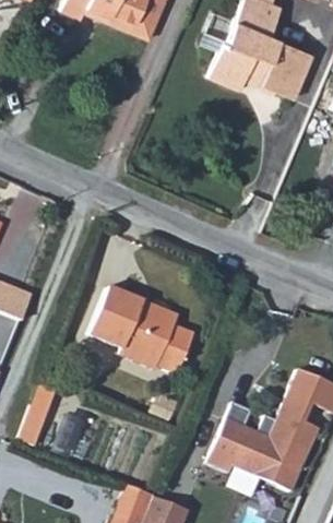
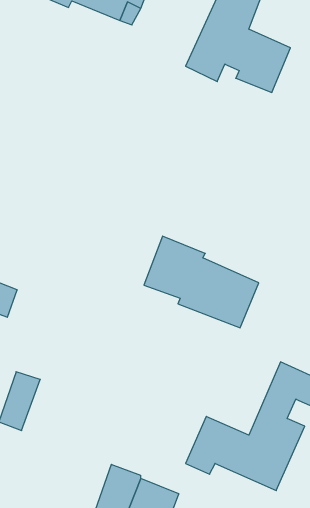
building: [82,289,197,381] -> [144,236,259,328]

